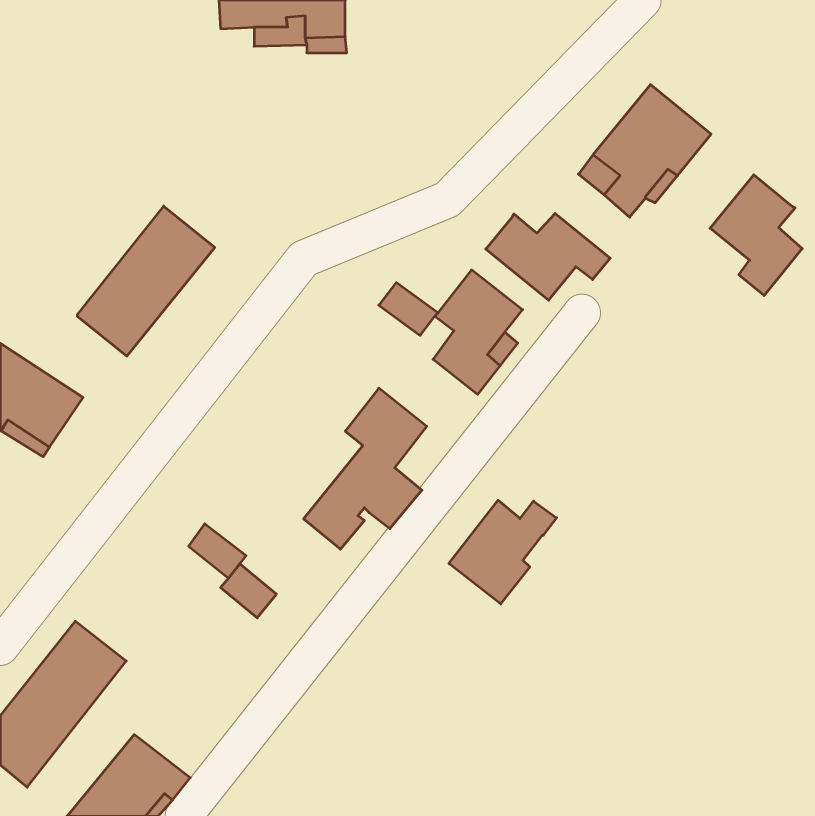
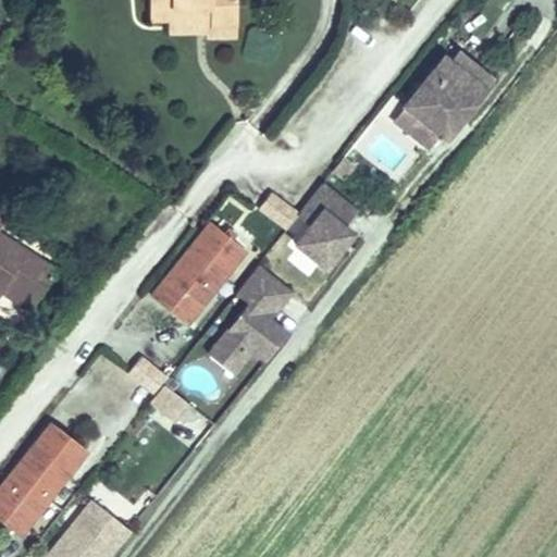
building: [710,175,802,296] -> none
building: [77,206,215,356] -> [152,222,246,324]
building: [486,213,610,300] -> none
building: [449,500,557,604] -> none

